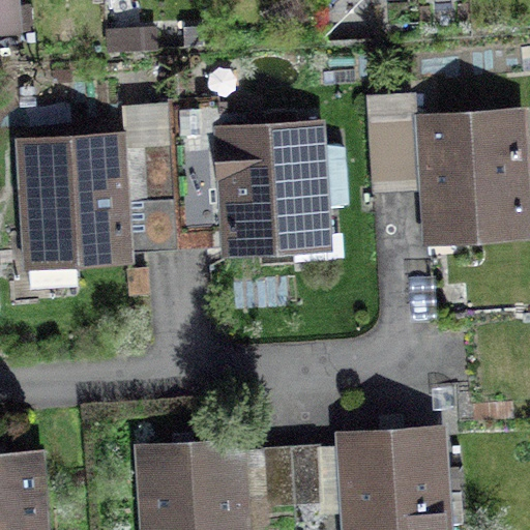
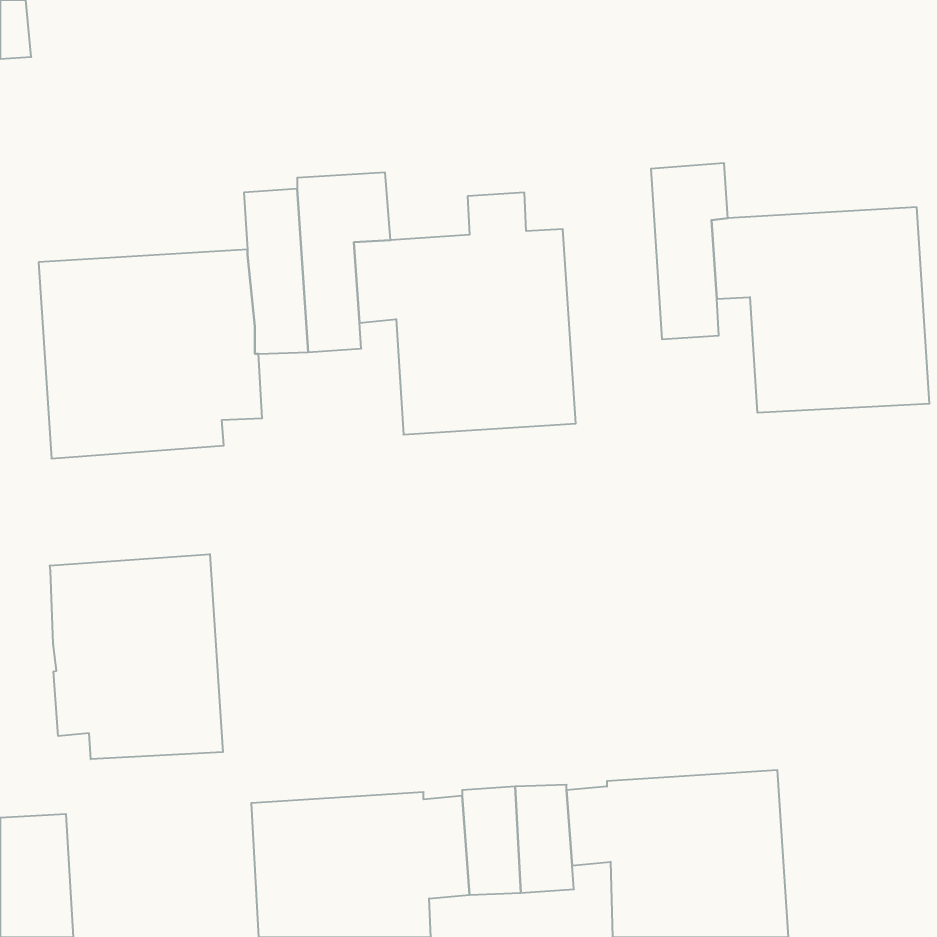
building: none -> [50,554,223,759]

